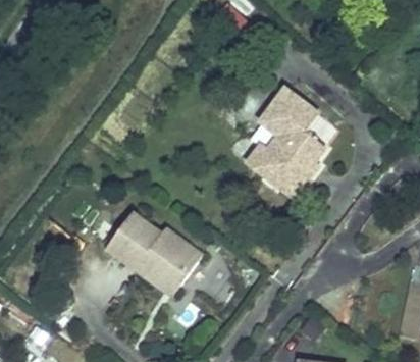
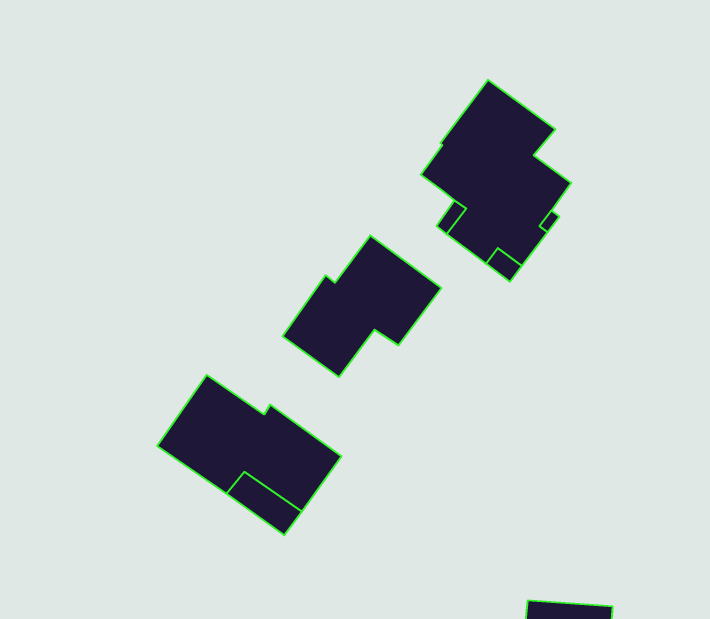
building: none -> [283,235,441,377]

